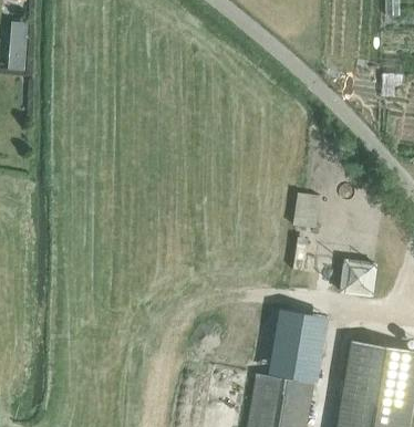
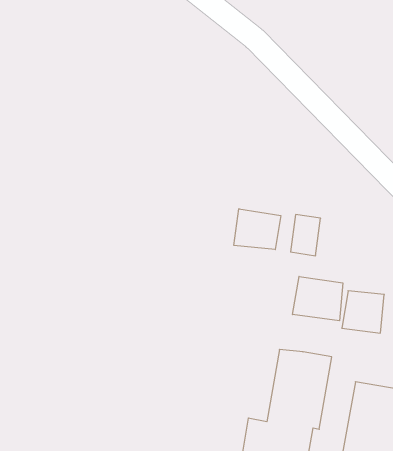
building: none -> [234,209,281,250]
building: none -> [293,276,343,321]

